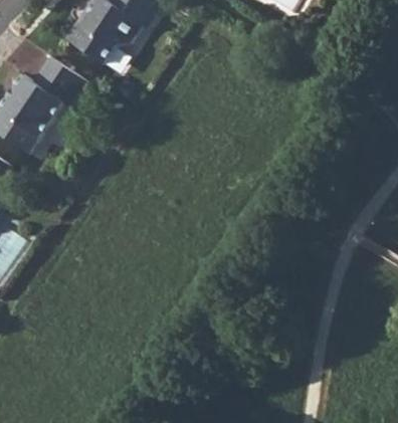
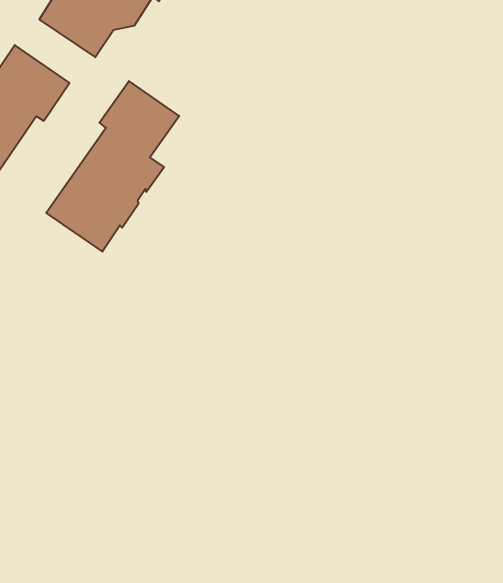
building: none -> [46,81,179,252]

